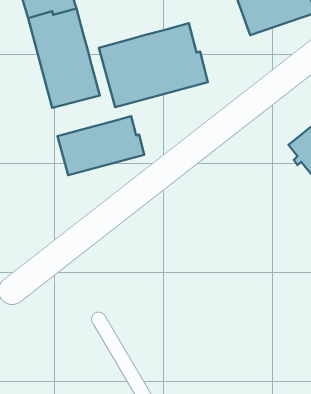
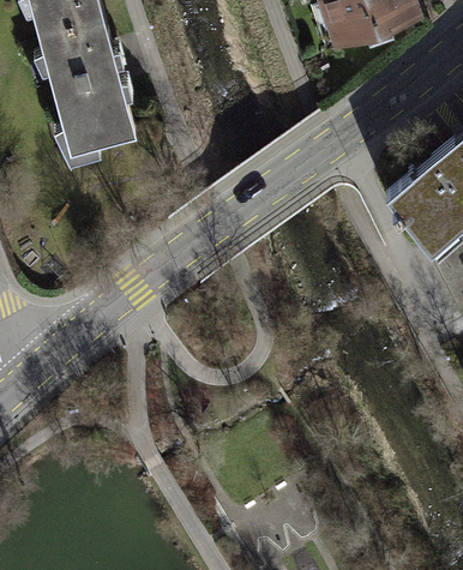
building: [99,23,208,107] -> none
building: [58,116,144,175] -> none

